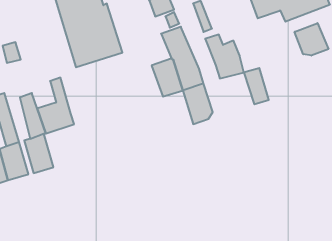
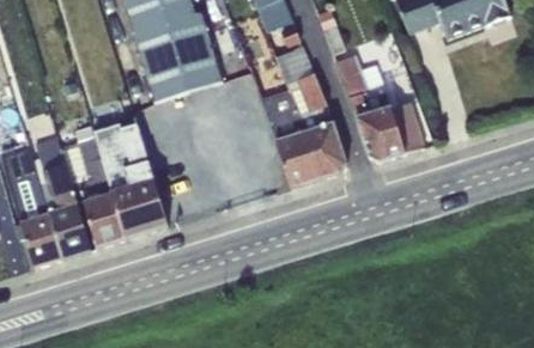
building: [295,23,328,56] -> none
building: none -> [356,108,403,160]
building: none -> [277,133,318,188]
building: none -> [111,179,166,239]

